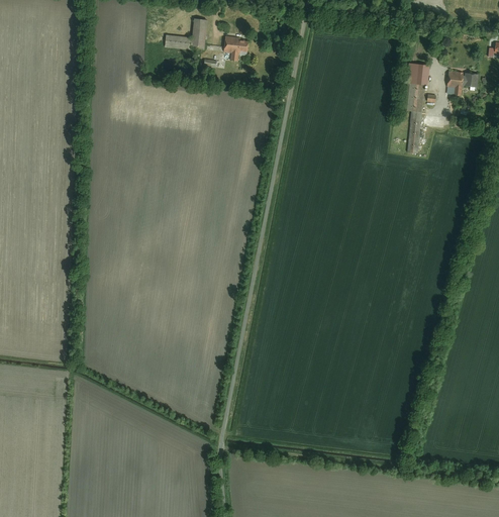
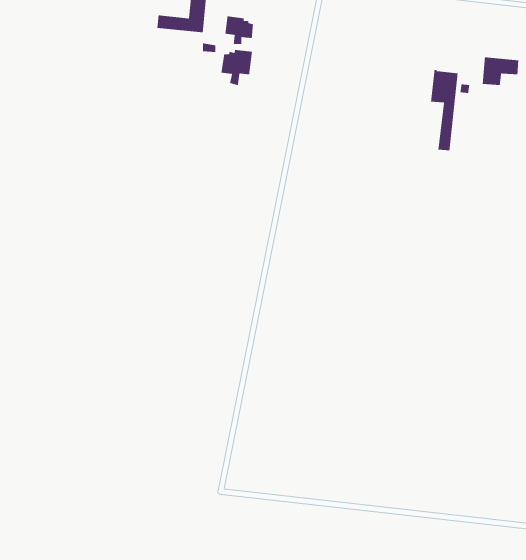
building: [407,63,429,85] -> none
building: none -> [220,49,253,86]

